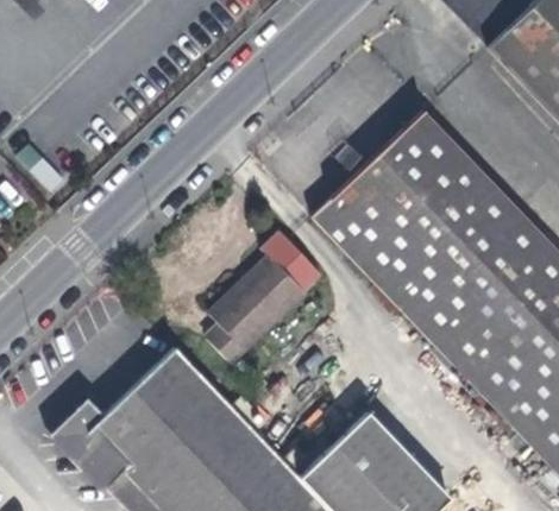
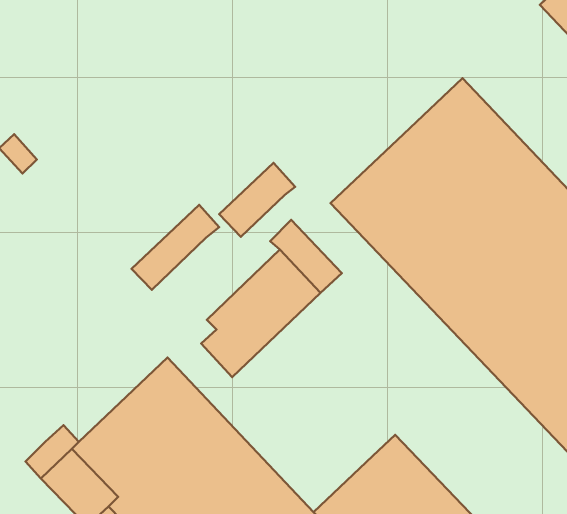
building: none -> [219,163,295,237]
building: none -> [132,205,219,290]

